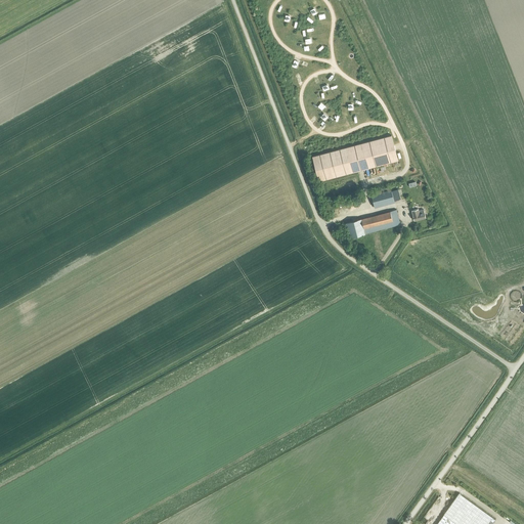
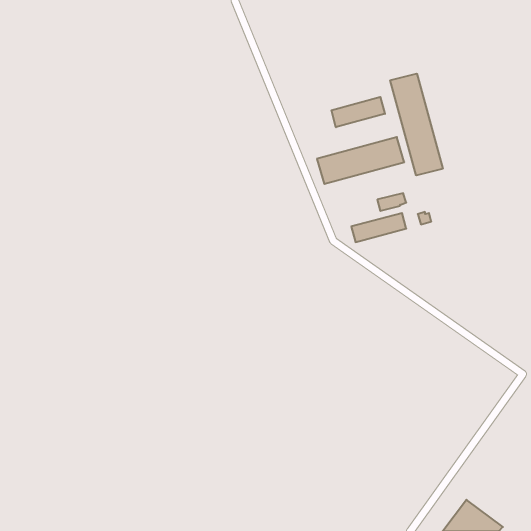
building: none -> [390,74,443,175]
building: none -> [331,97,385,127]

